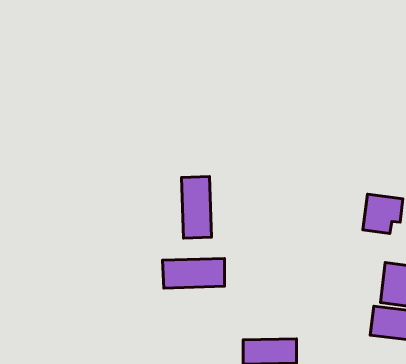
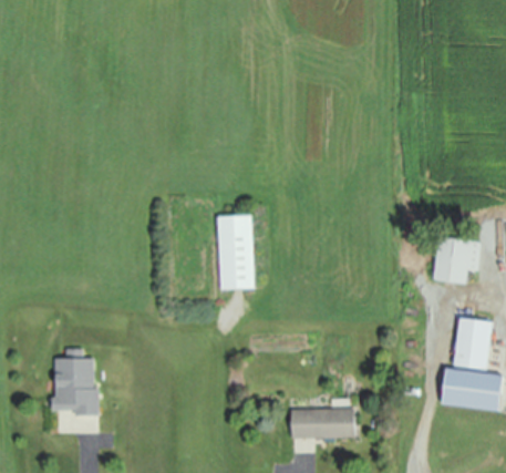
building: [163,258,224,288] -> none
building: none -> [51,349,97,415]

